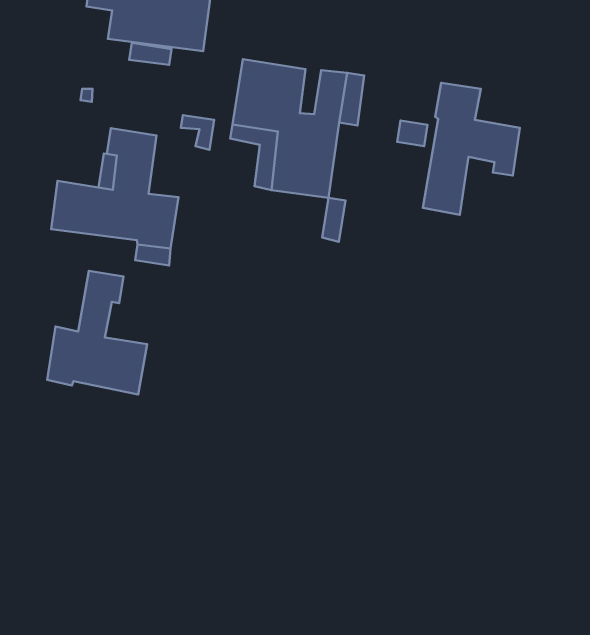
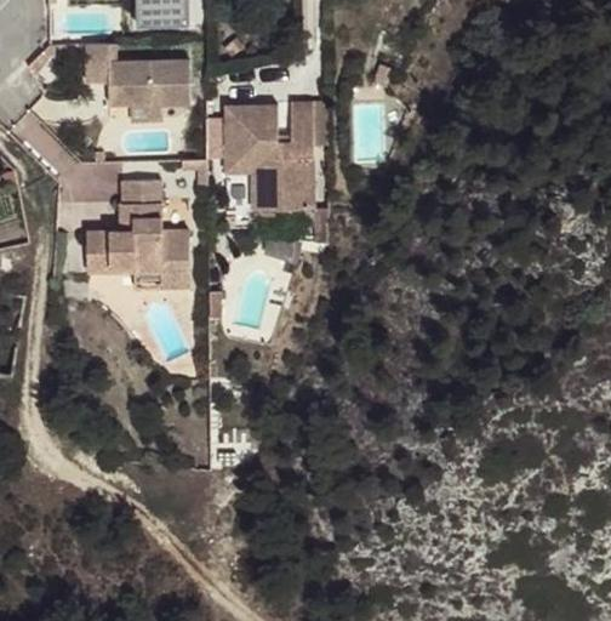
building: [423,83,520,215] -> none
building: [47,271,147,394] -> none

